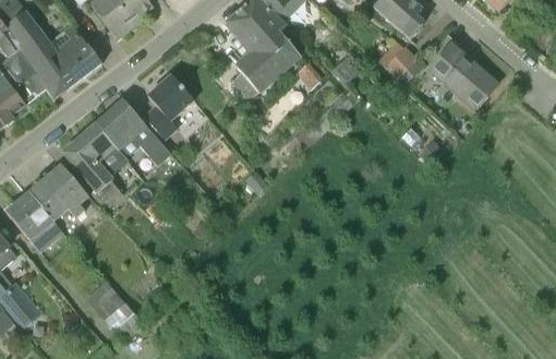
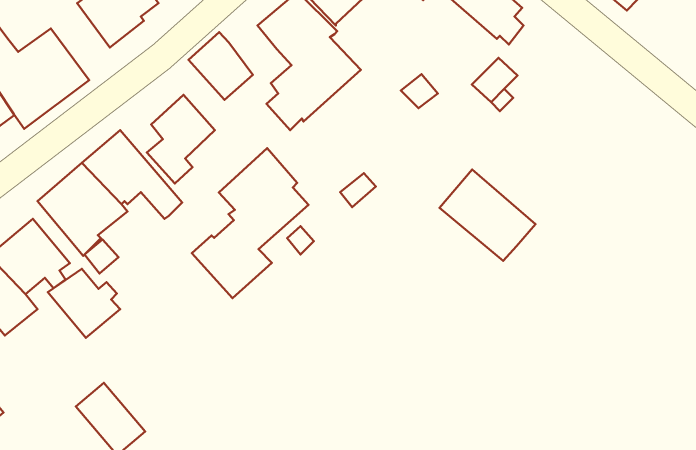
building: none -> [189,32,253,100]
building: [426,40,497,108] -> [440,169,536,261]
building: none -> [192,148,308,298]
building: none -> [48,269,120,338]

